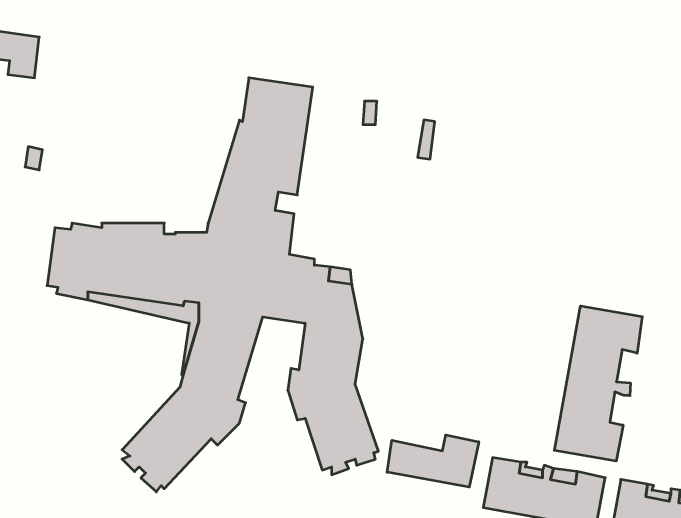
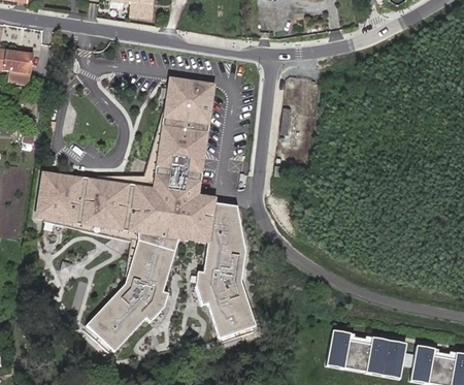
building: [554,306,642,461] -> none
building: [387,435,479,487] -> none

